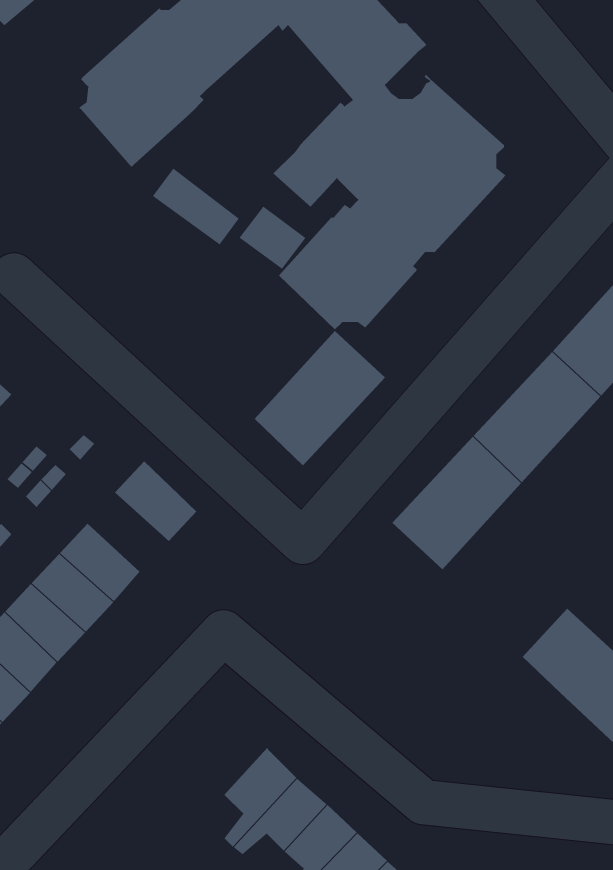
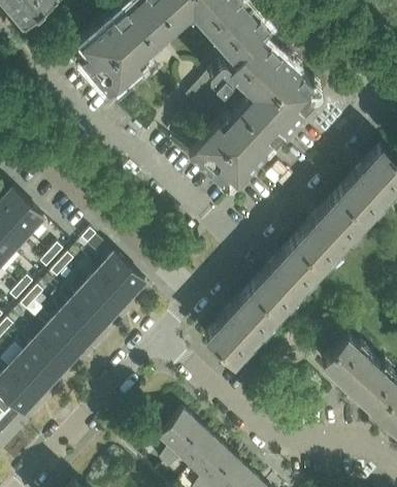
building: [152,167,240,245] -> none
building: [254,330,386,466] -> [205,289,277,363]
building: none -> [84,272,128,316]

